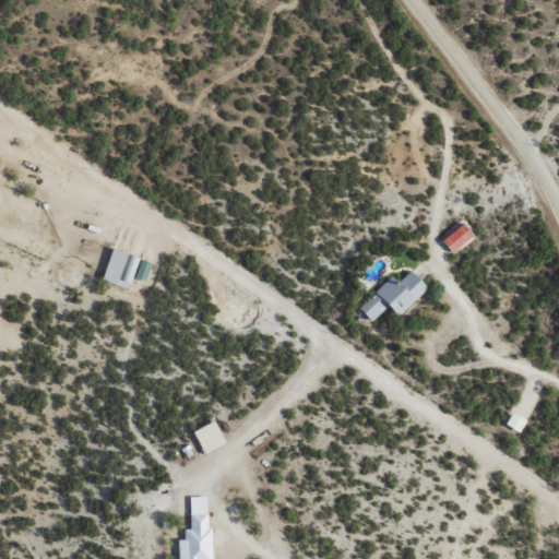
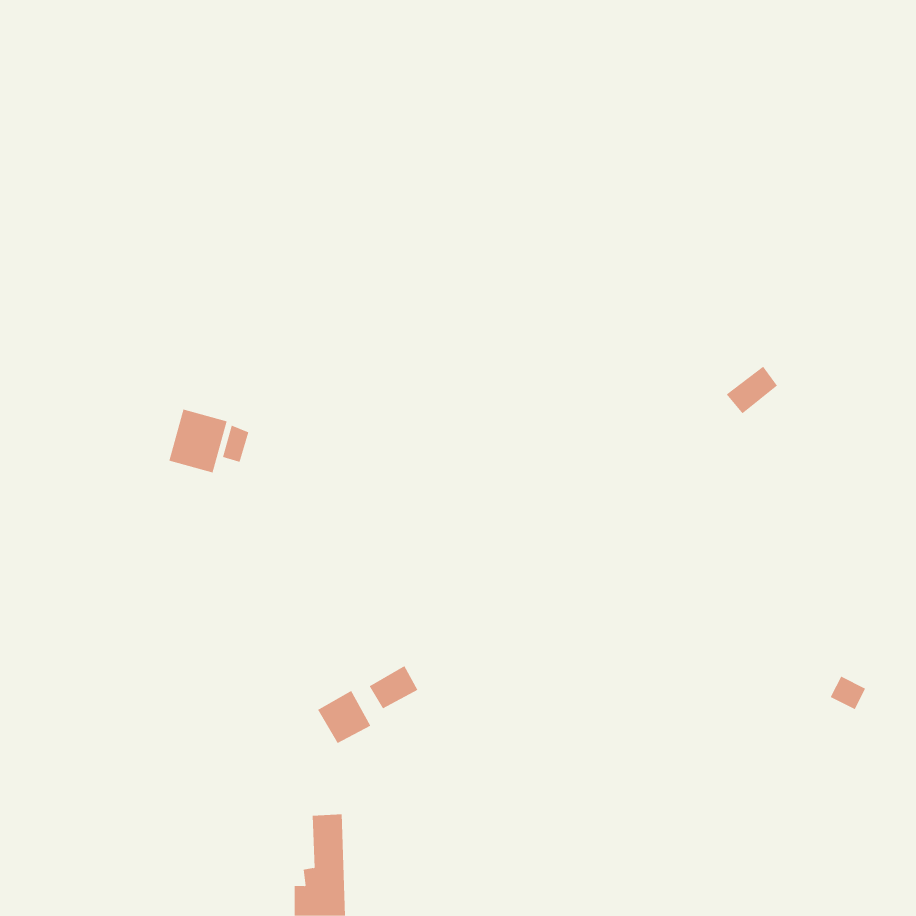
building: [359,270,428,321] -> none
building: none -> [369,665,418,709]

